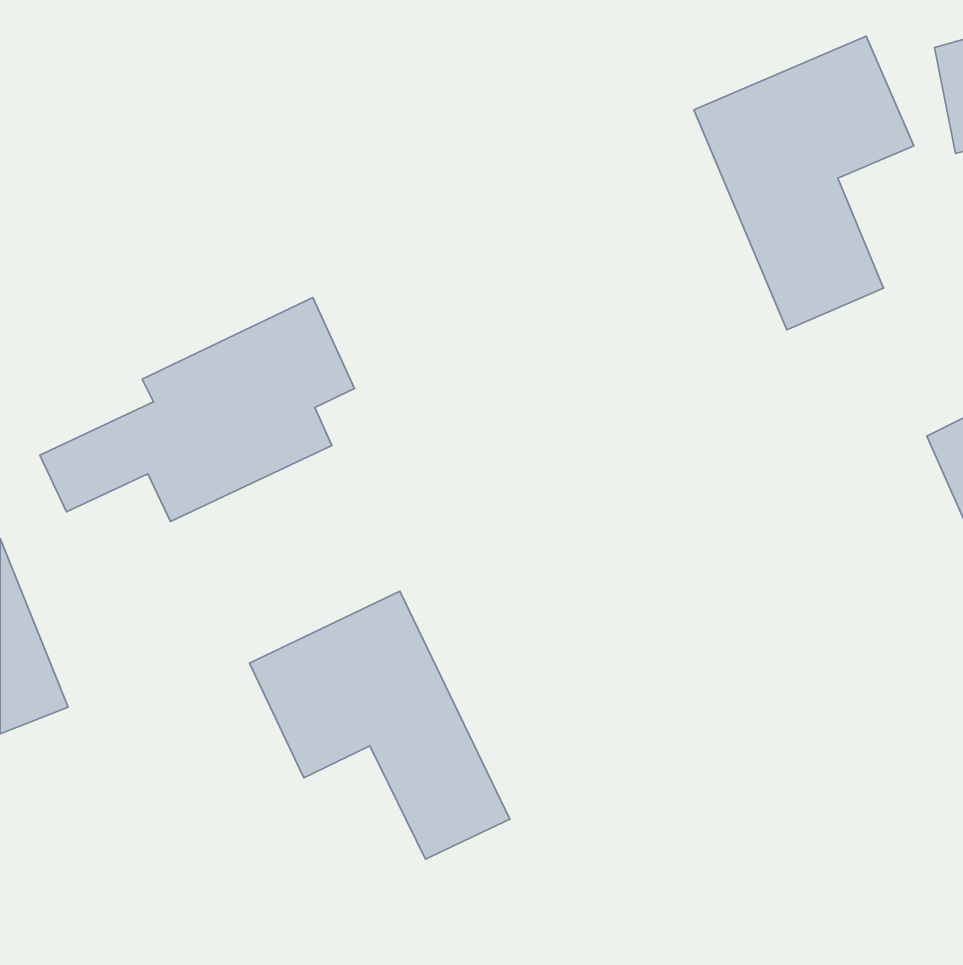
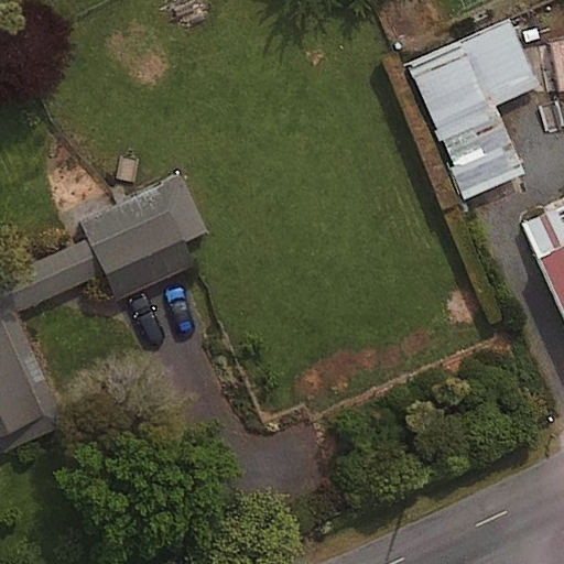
building: [249,591,510,859] -> none

